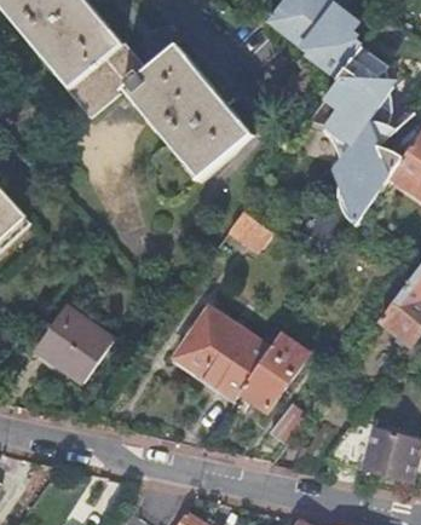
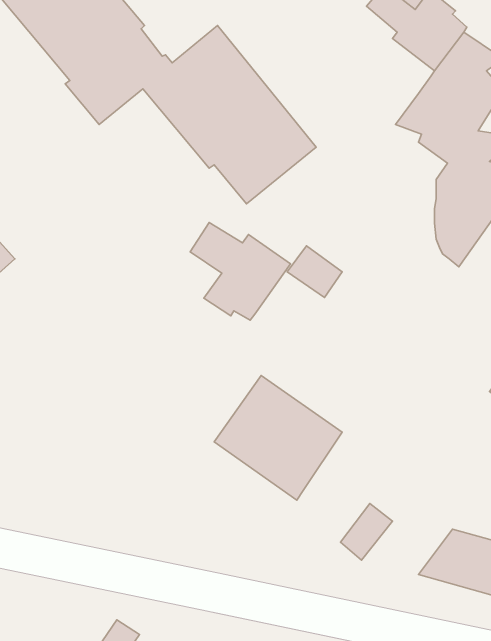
building: none -> [190,222,291,320]
building: [33,305,111,382] -> none
building: [241,335,308,411] -> none

